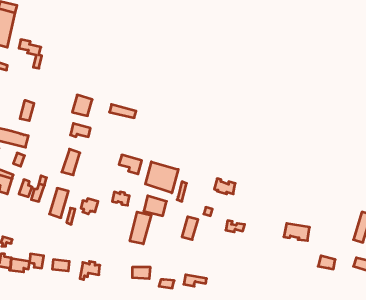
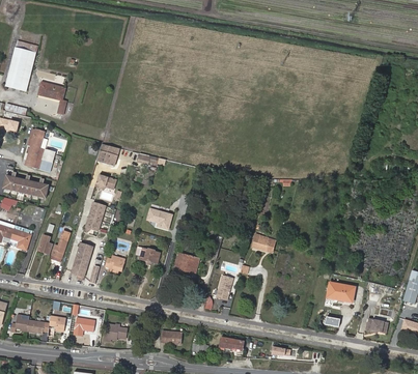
building: none -> [25,128,45,168]
building: [145,162,178,193] -> none
building: [130,212,151,244] -> none

